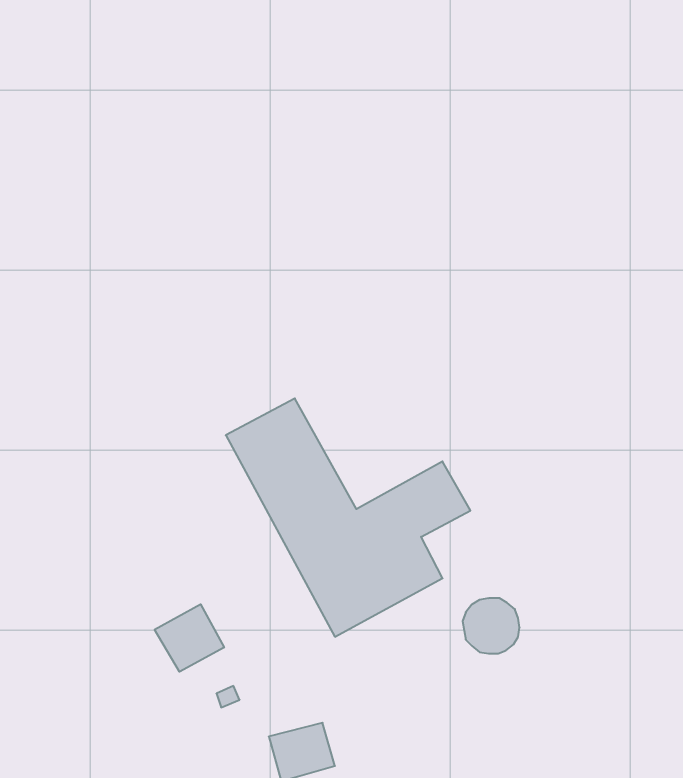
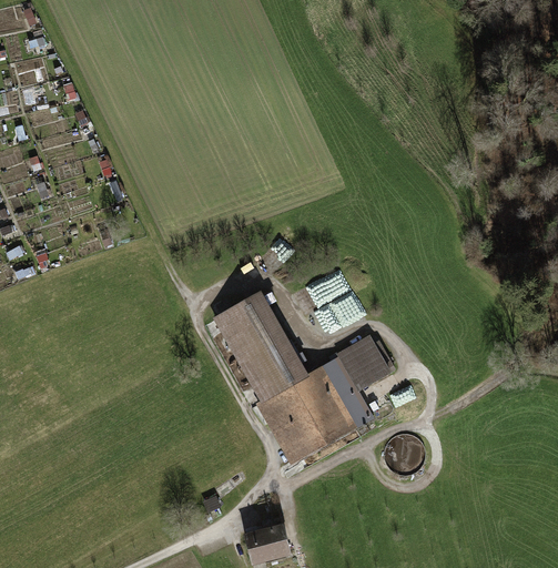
building: [155,604,224,672] -> none

